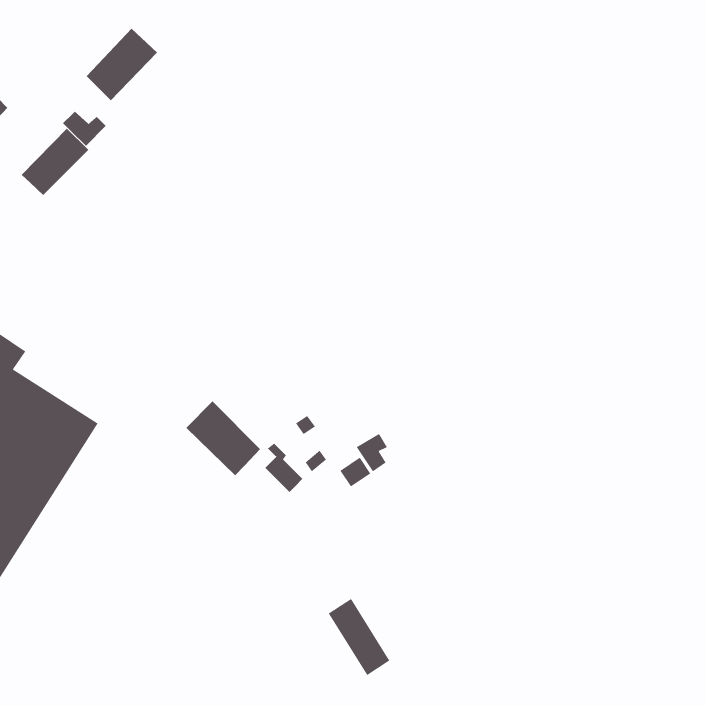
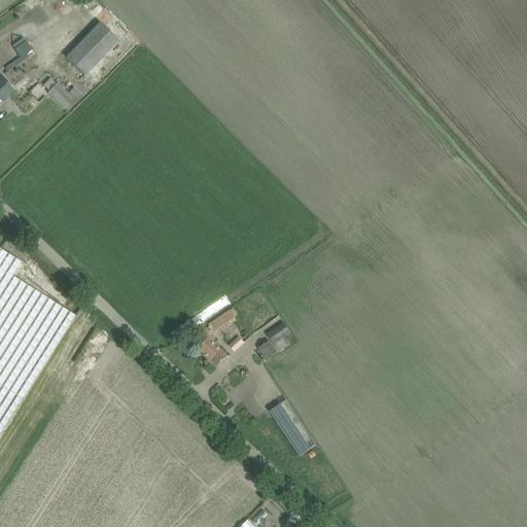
building: [21,128,89,196] -> none
building: [185,401,261,476] -> none
building: [328,598,390,676] -> [270,398,316,456]

